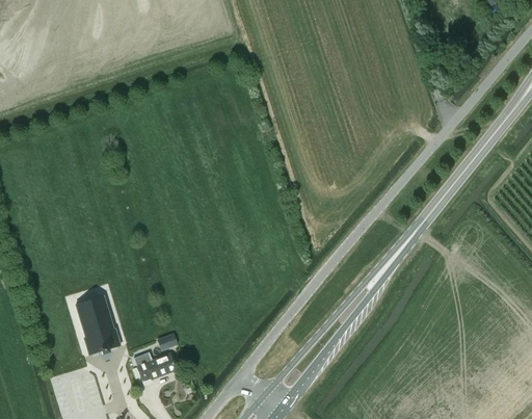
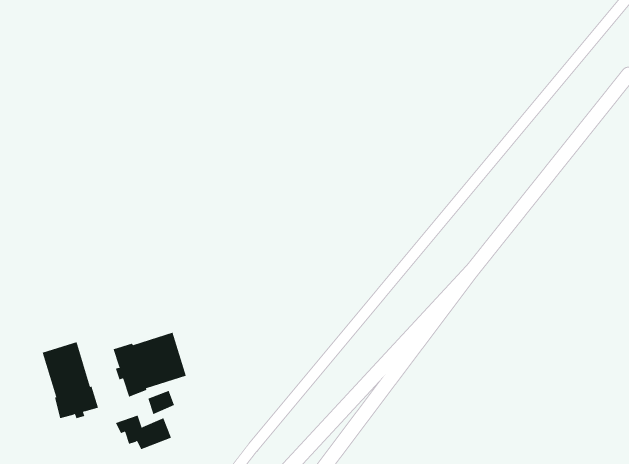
building: none -> [113,332,186,397]

